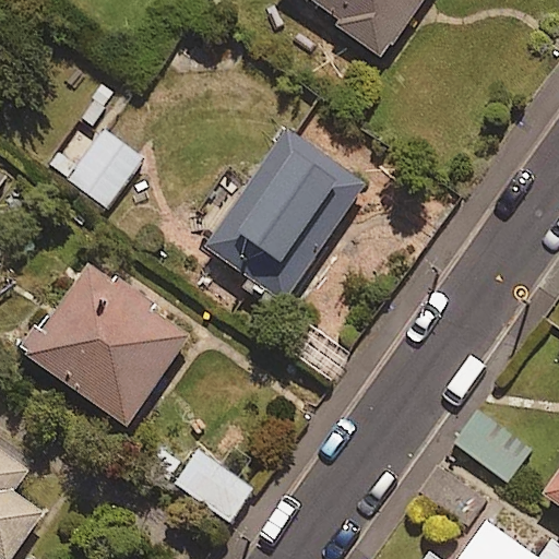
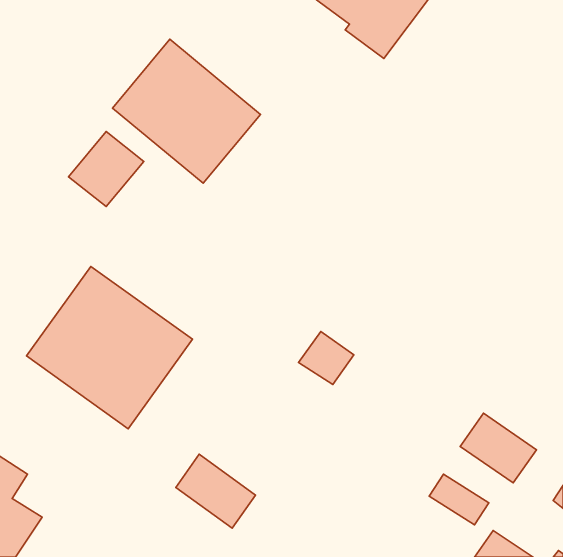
building: none -> [113,39,261,183]
building: [206,138,362,304] -> none

